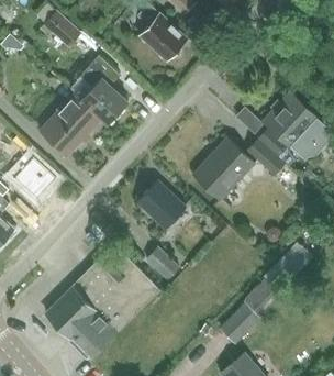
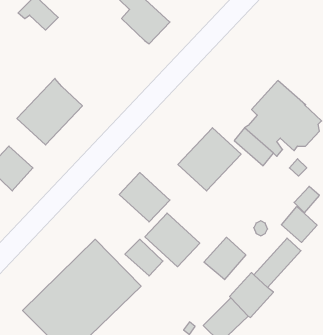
building: [80,68,127,123] -> none
building: none -> [281,207,317,242]
building: none -> [145,213,200,267]
building: none -> [204,237,246,280]

